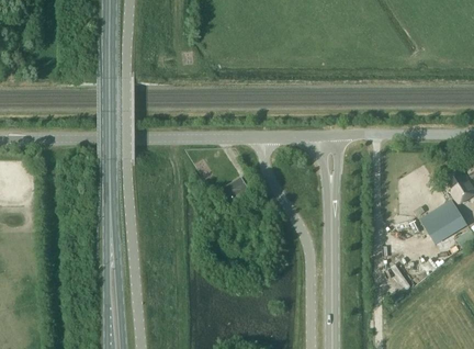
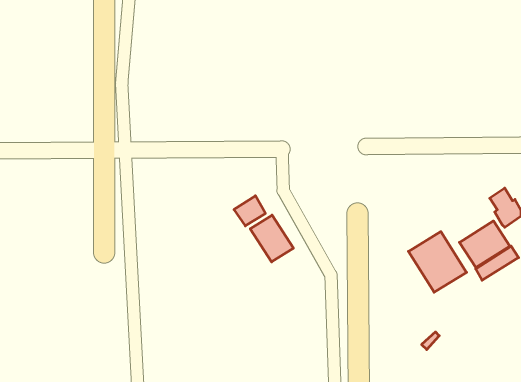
building: none -> [250,215,293,262]
building: none -> [408,232,467,292]

